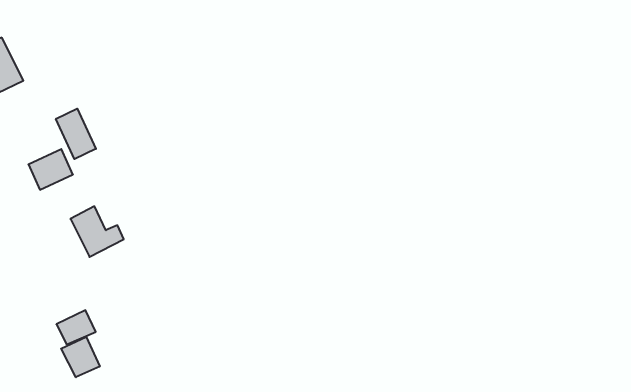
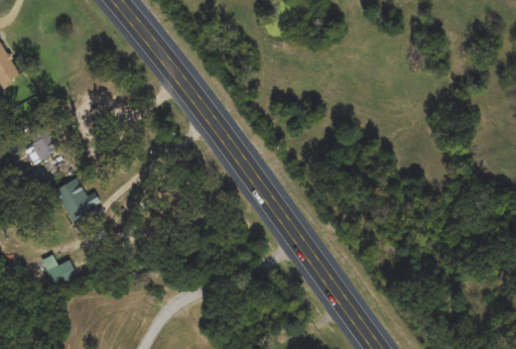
building: [56,109,96,159] -> none
building: [61,337,100,377] -> none

